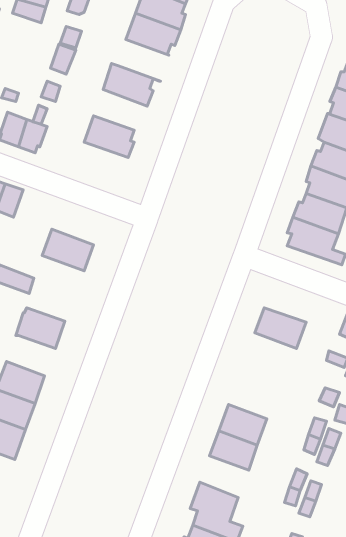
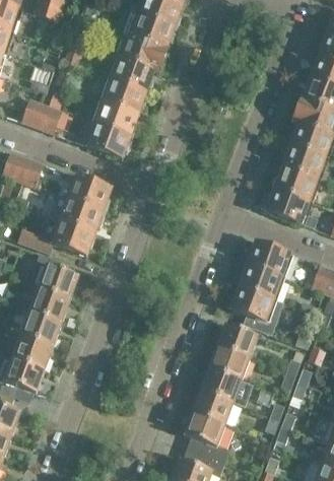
building: none -> [117,37,165,72]
building: none -> [102,79,147,114]
building: none -> [83,124,131,158]
building: none -> [66,176,110,211]
building: none -> [50,220,93,256]
building: none -> [247,243,292,277]
building: none -> [230,286,280,334]
building: none -> [27,288,69,323]
building: none -> [216,324,258,359]
building: none -> [192,391,233,426]

